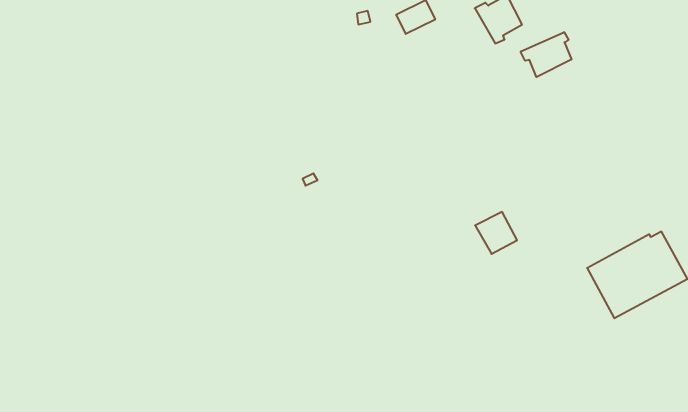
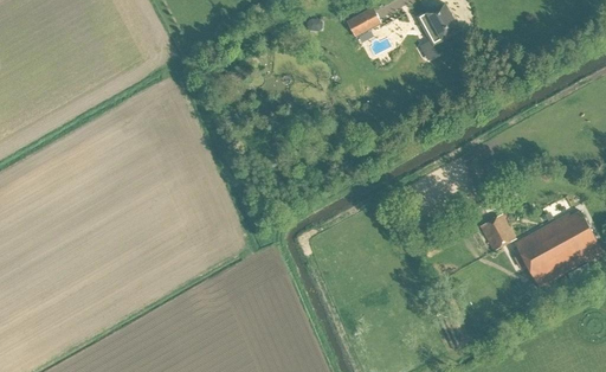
building: [521,32,571,77] -> none
building: [475,212,517,254] -> [478,214,515,251]

